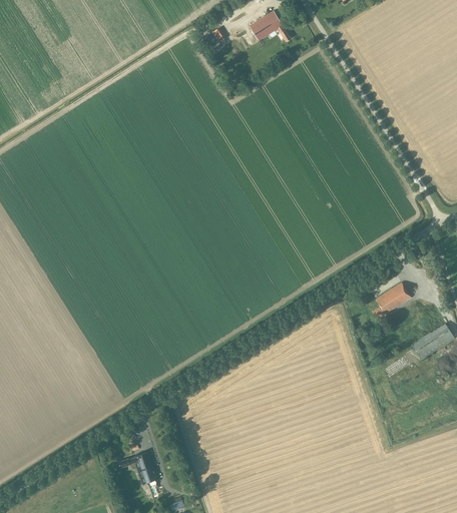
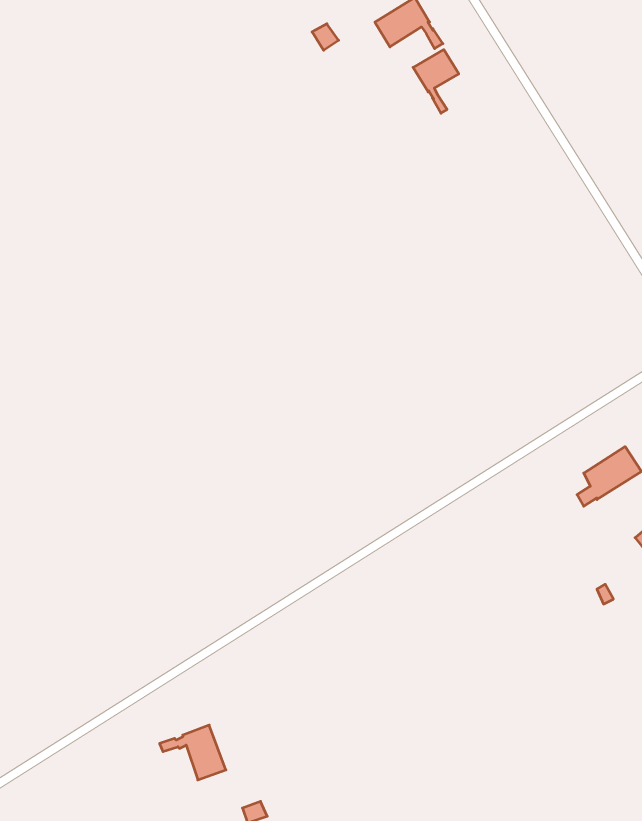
building: none -> [413,50,459,113]

